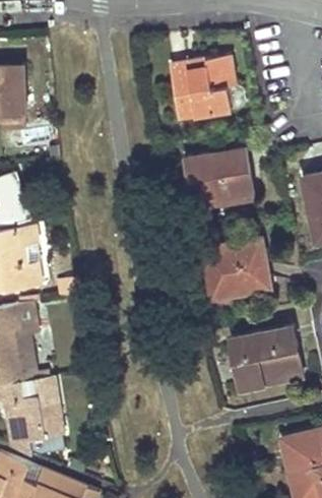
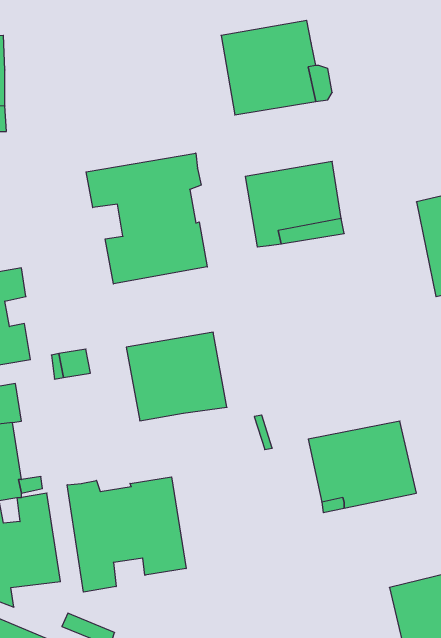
building: none -> [86,153,207,284]
building: [202,238,270,298] -> [126,332,227,421]
building: none -> [67,477,186,592]

